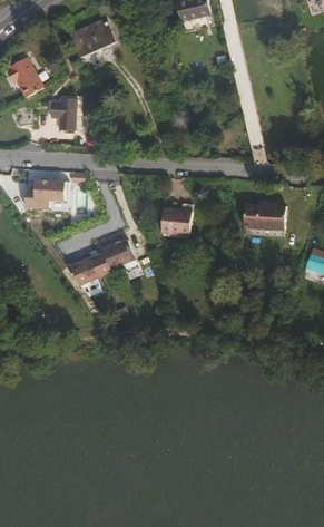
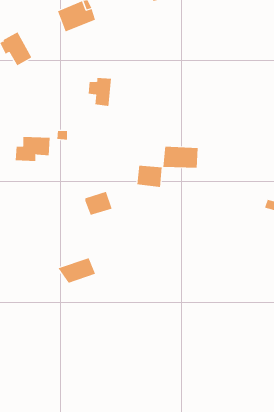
building: [48,95,76,128] -> [88,78,112,106]
building: [243,205,284,231] -> [163,146,198,168]
building: [67,252,111,282] -> [57,258,96,284]

